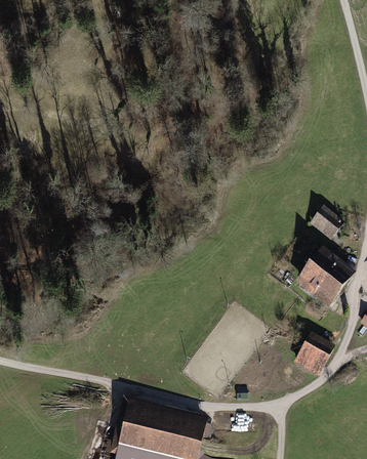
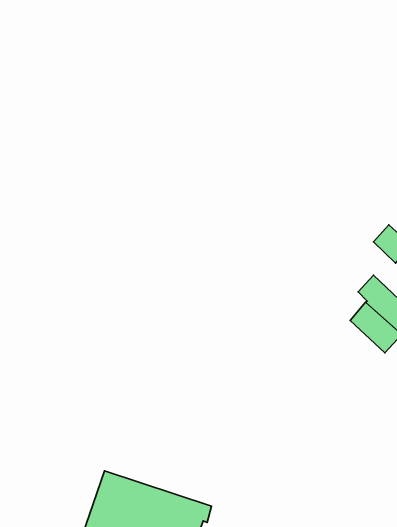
building: [294,338,329,374] -> none

